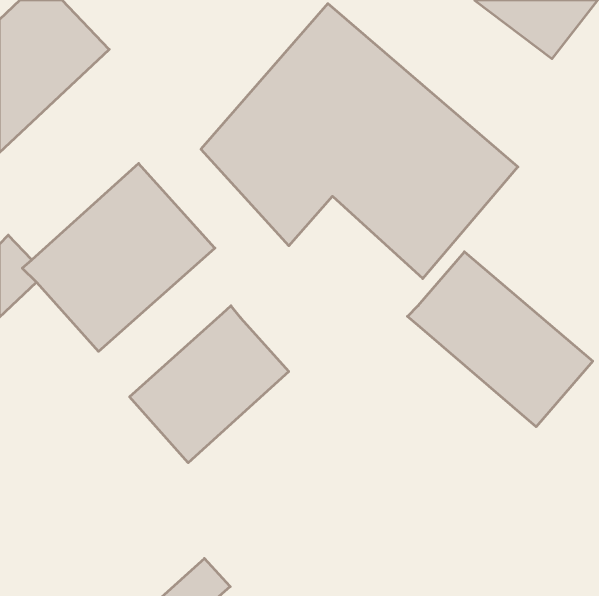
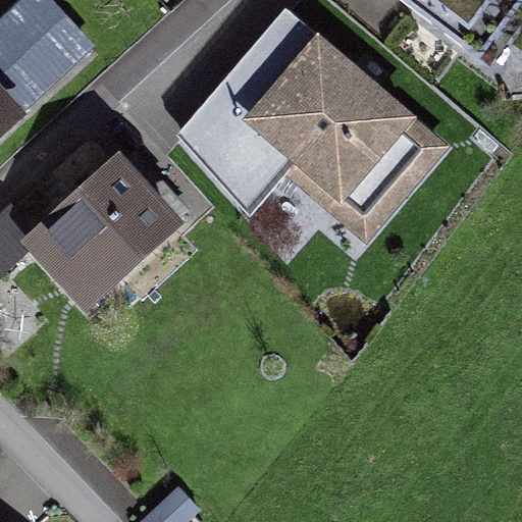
building: [407,252,593,427] -> none
building: [130,306,289,463] -> none

